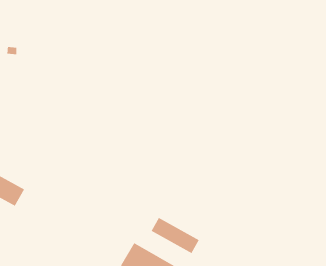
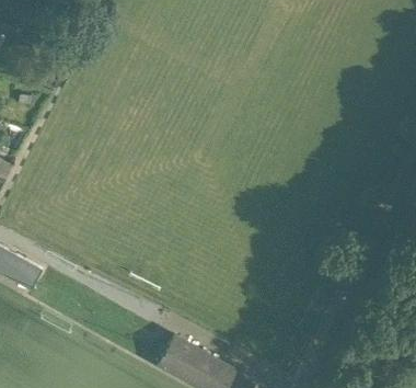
building: [150,217,200,254] -> none

